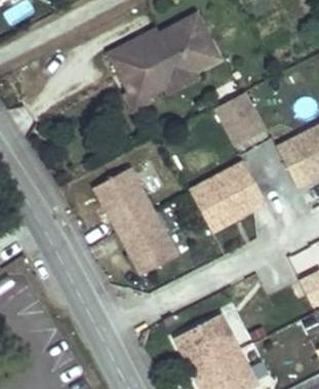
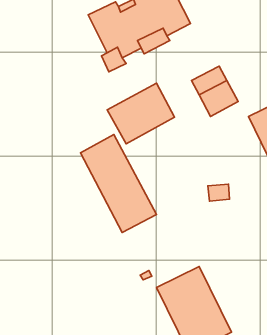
building: [192,168,265,234] -> [107,83,174,144]

